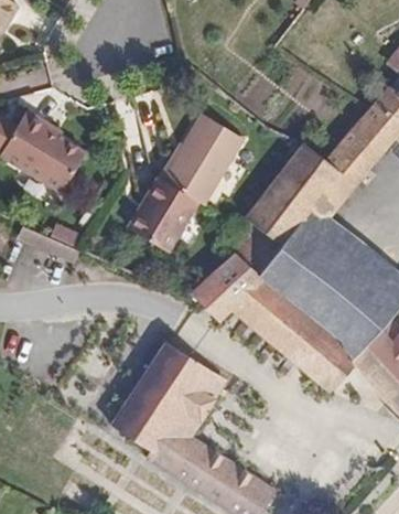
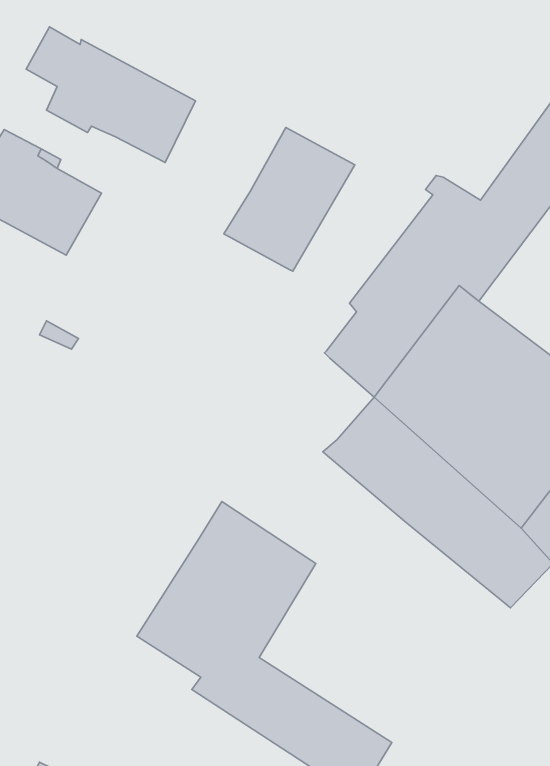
building: none -> [26,27,196,162]
building: [140,174,211,249] -> none
building: [187,255,263,323] -> none

